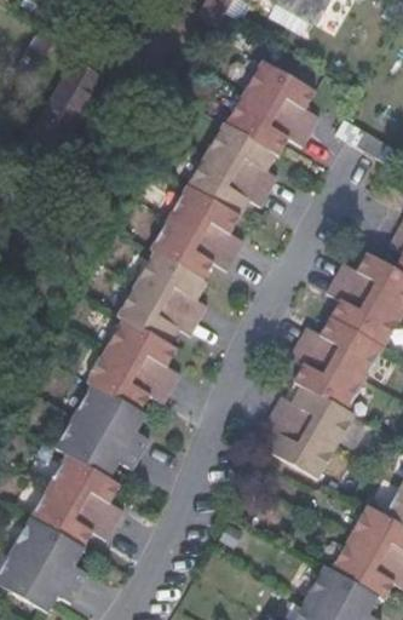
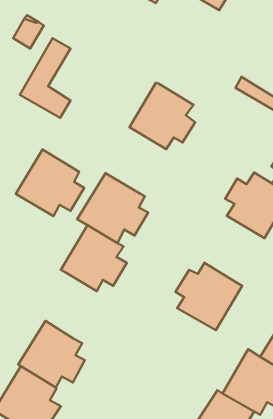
building: [228,63,319,156] -> none
building: [149,188,246,282] -> [16,149,84,216]
building: [284,314,378,409] -> none
building: [58,394,154,488] -> none

